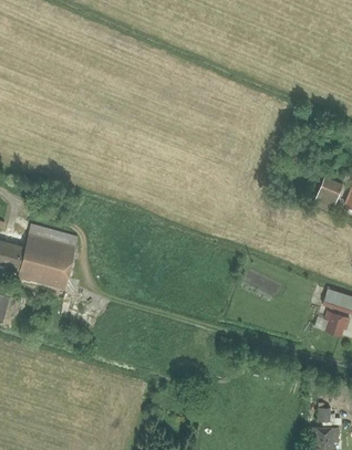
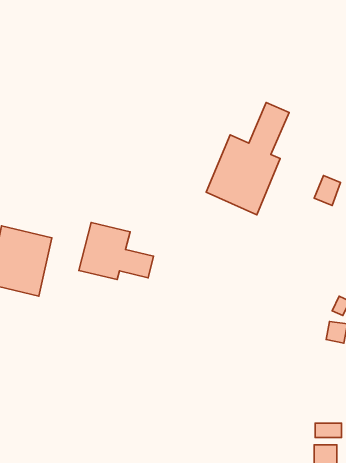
building: none -> [206,102,289,215]
building: none -> [79,223,154,280]

